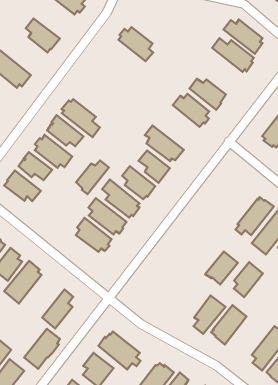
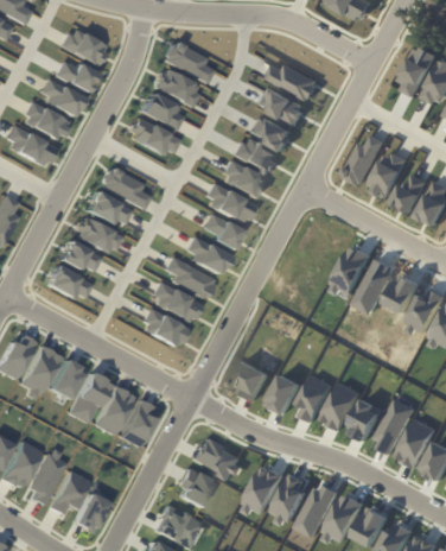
building: none -> [164,39,212,82]
building: none -> [55,59,96,90]
building: [223,19,263,54] -> [256,87,306,125]
building: none -> [23,100,68,138]
building: none -> [139,91,183,129]
building: none -> [128,115,179,154]
building: none -> [223,158,267,197]
building: [76,160,109,194] -> none
building: [205,252,238,285] -> [268,373,305,413]
building: [234,262,263,297] -> [353,398,387,441]
building: none -> [235,359,273,400]
building: [24,329,60,369] -> [94,384,133,433]

